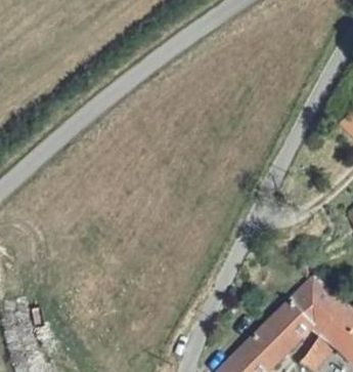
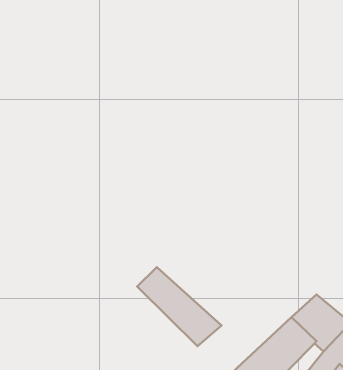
building: none -> [137,267,221,346]

